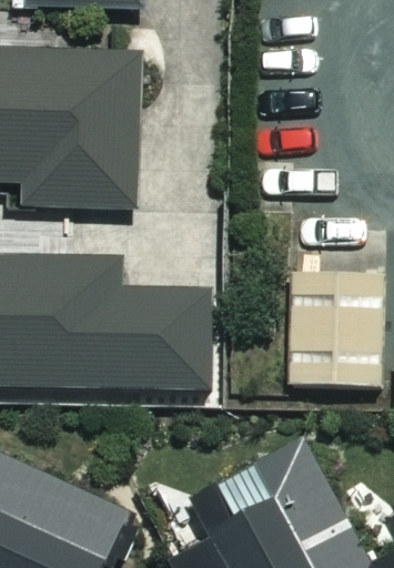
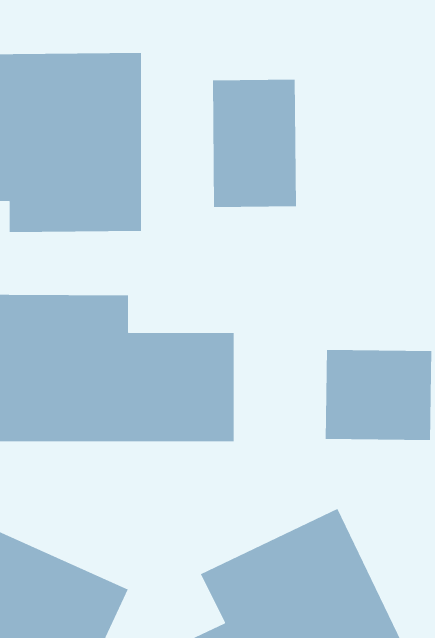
building: none -> [212,79,297,208]

